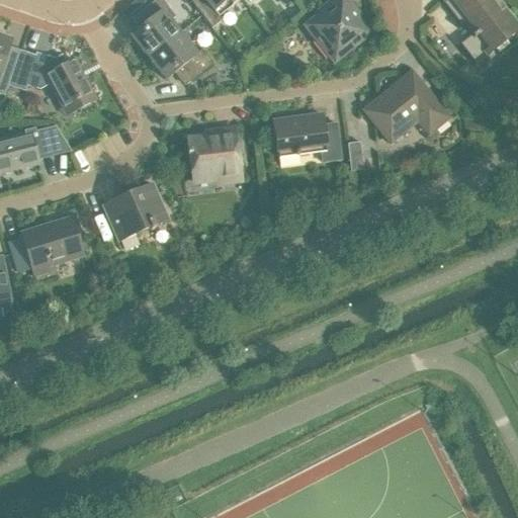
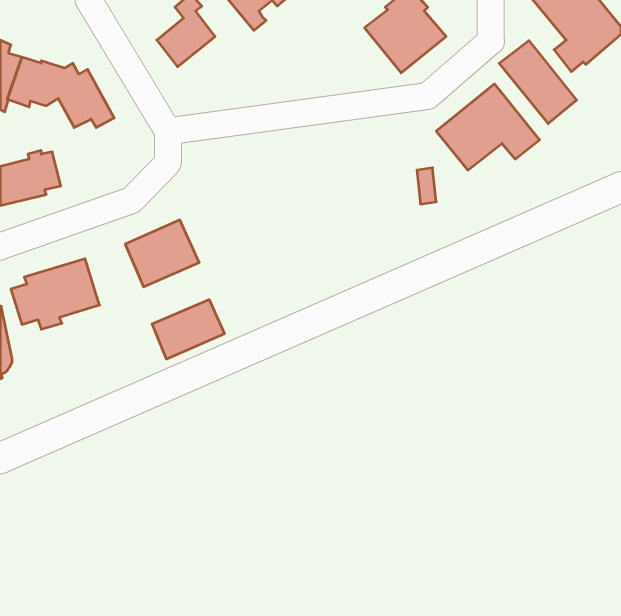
building: [148,30,212,83] -> none
building: none -> [499,41,577,124]
building: [273,112,341,160] -> none
building: [187,126,241,182] -> none
building: none -> [152,300,224,359]

